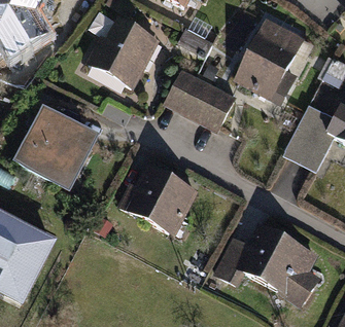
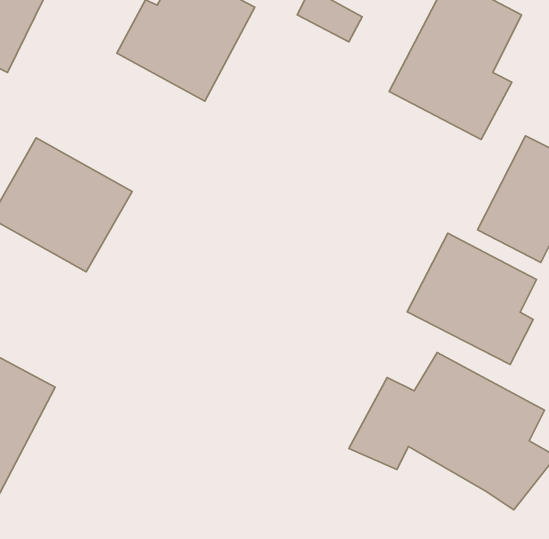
building: [162,69,234,131] -> none
building: none -> [407,233,536,364]
building: [114,165,194,235] -> none

